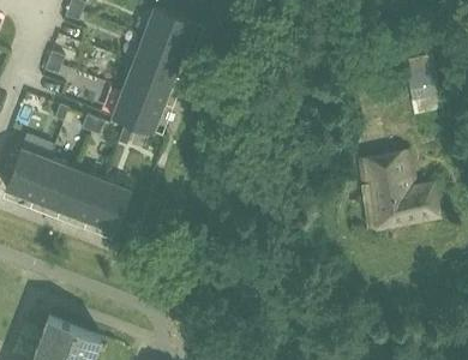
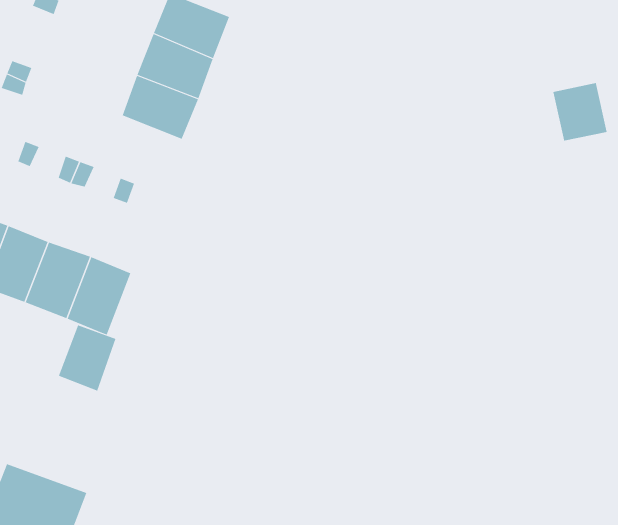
building: [112,86,162,130] -> none
building: [358,149,438,228] -> none
building: none -> [58,325,116,391]

